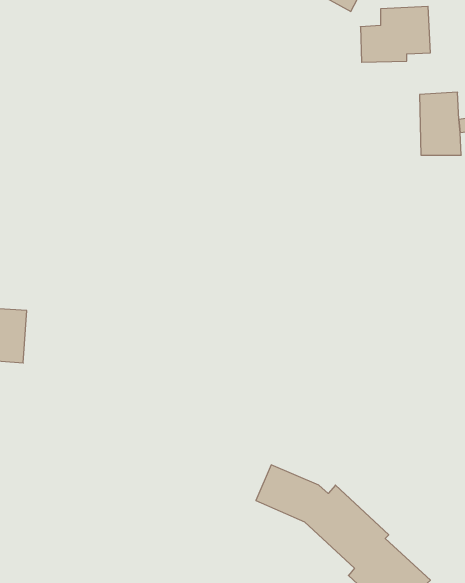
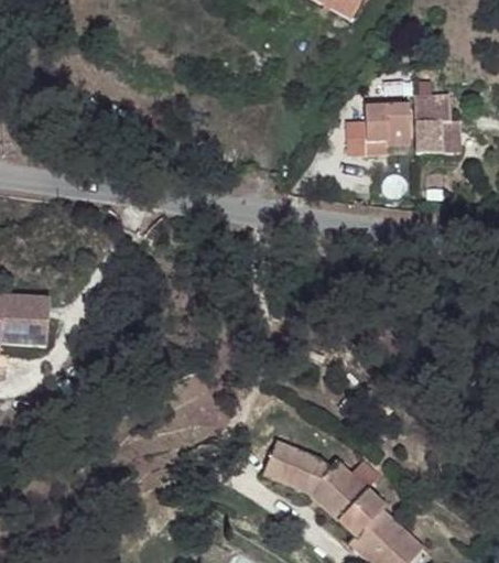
building: [360,6,430,62] -> [345,102,410,154]

